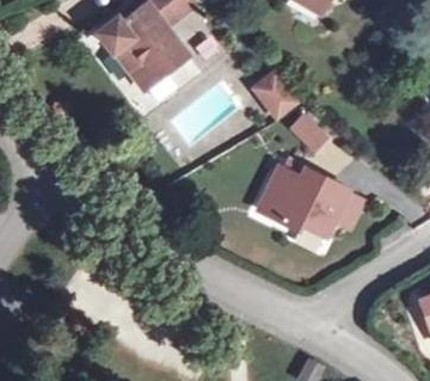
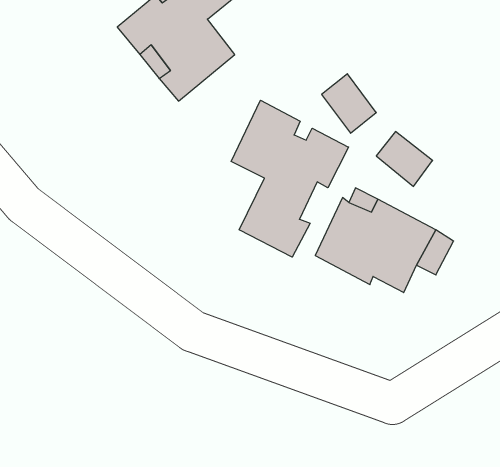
building: none -> [231,100,349,257]

